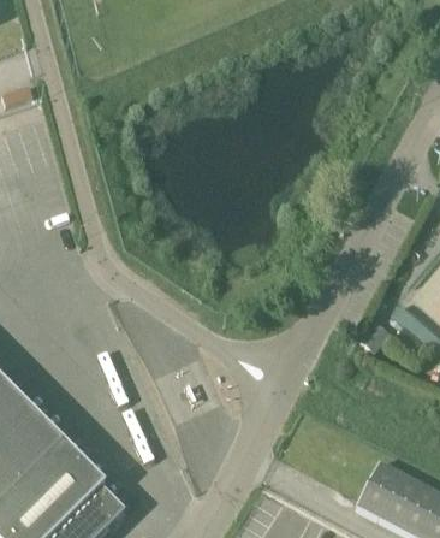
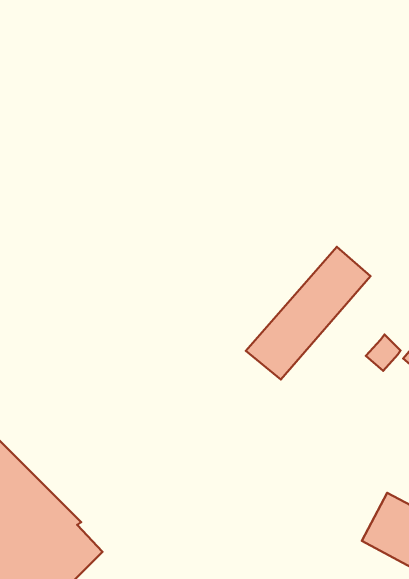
building: none -> [246,247,371,380]

